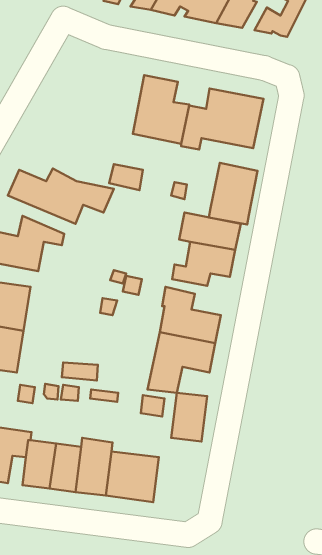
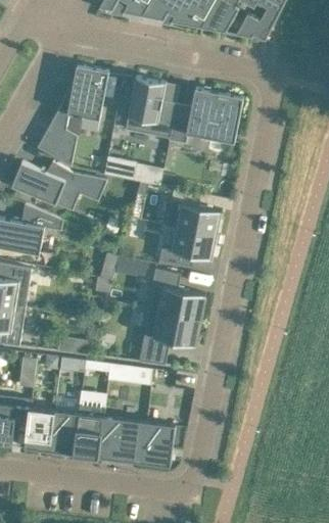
building: none -> [43,65,107,167]
building: [209,163,258,224] -> none
building: [171,393,207,441] -> [142,423,175,467]

